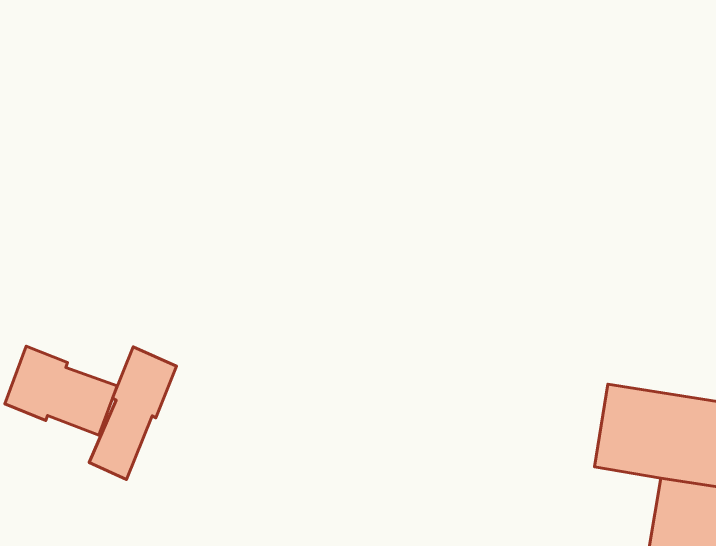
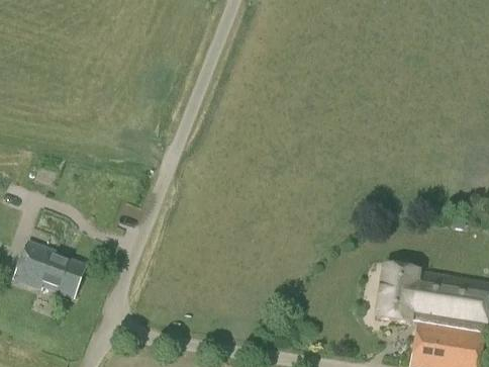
building: [89,347,177,479] -> none

